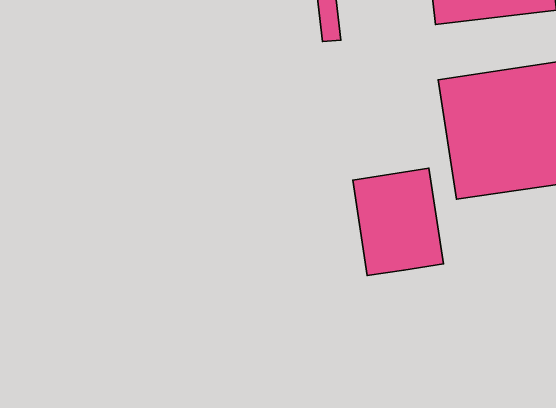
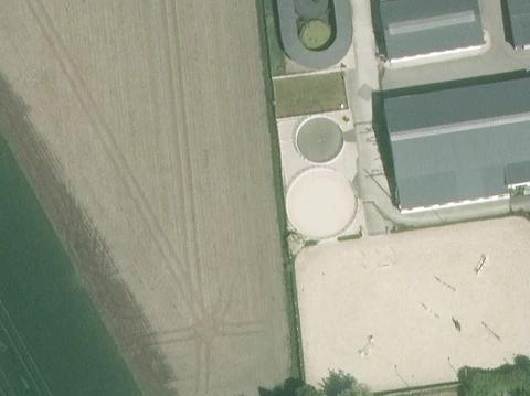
building: [353,168,443,276] -> none

